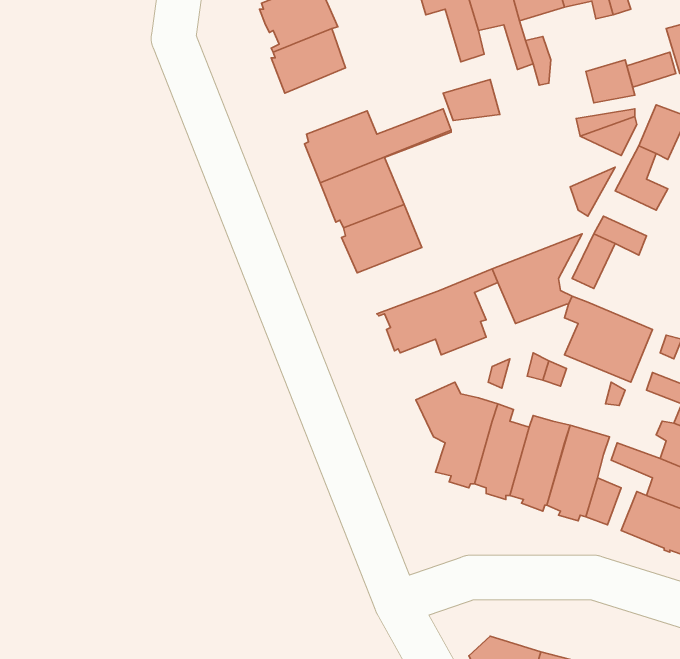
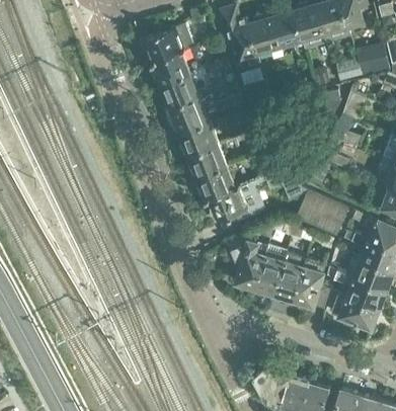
building: none -> [158,73,201,107]
building: none -> [195,166,238,200]

